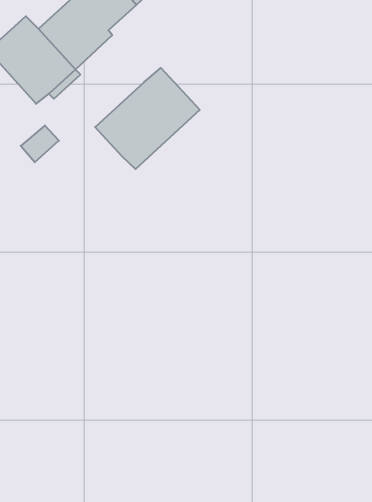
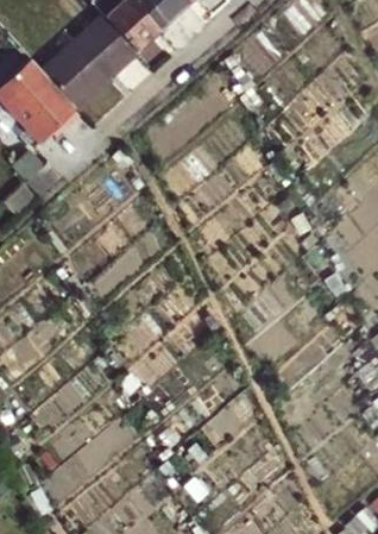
building: [95,68,200,169] -> none

